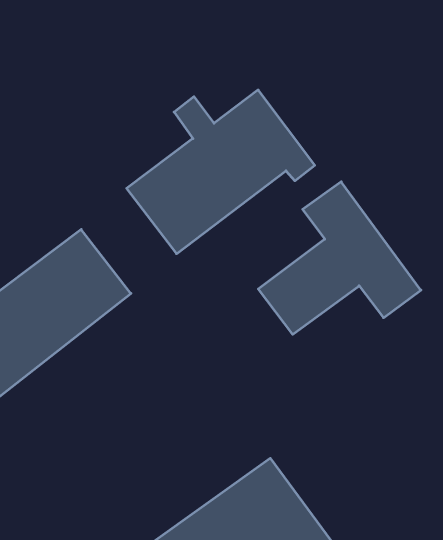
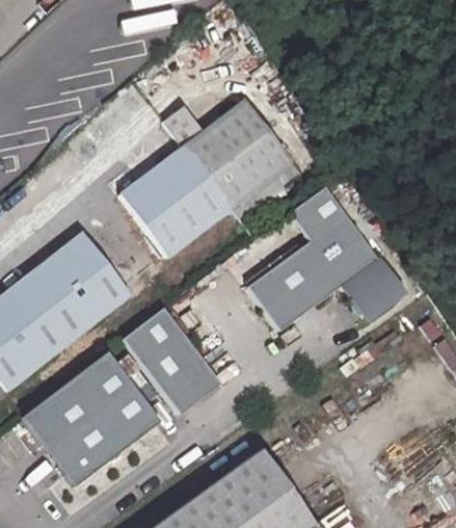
building: none -> [124,310,222,417]
building: none -> [24,353,161,489]

